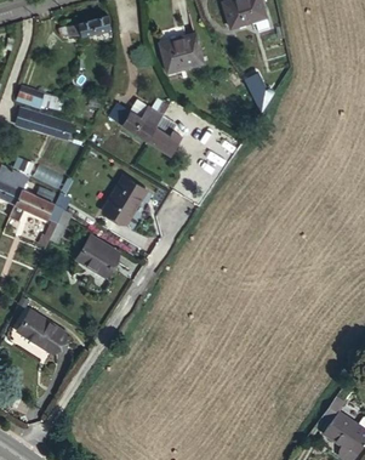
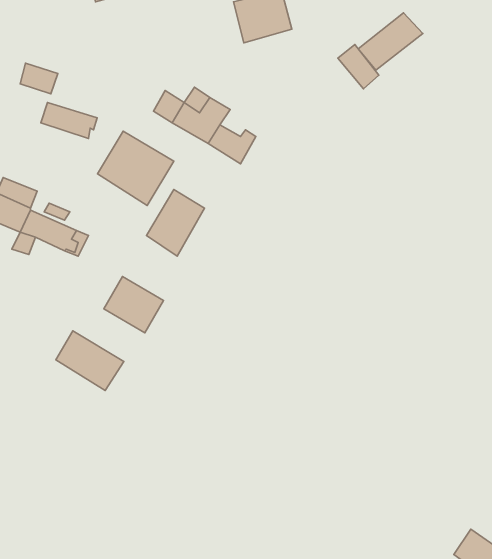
building: none -> [358,13,423,70]
building: none -> [97,131,174,206]
building: [18,311,67,353] -> [56,331,124,391]

